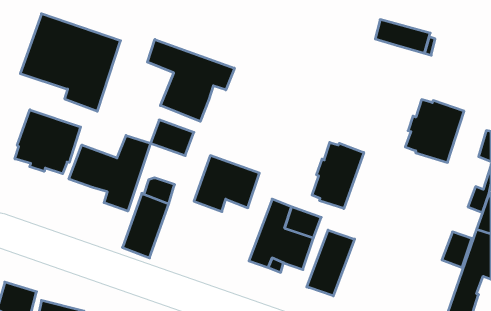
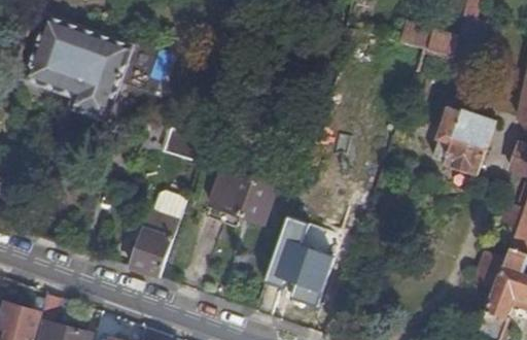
building: [147,39,234,121] -> none
building: [15,110,81,174] -> none
building: [69,135,150,211] -> none
building: [312,142,364,209] -> none
building: [307,230,355,296] -> none

